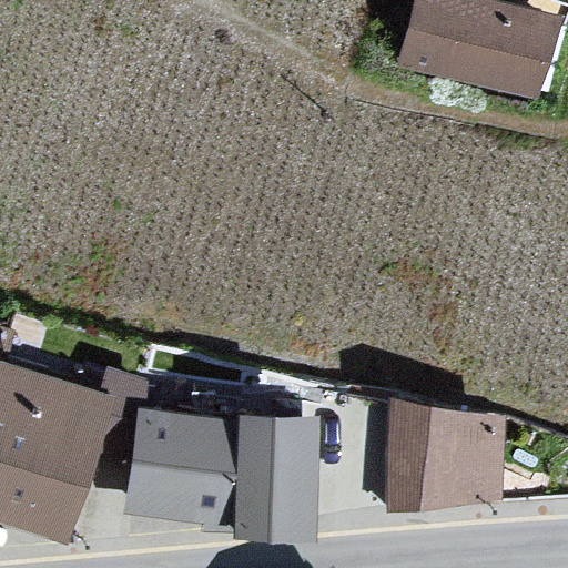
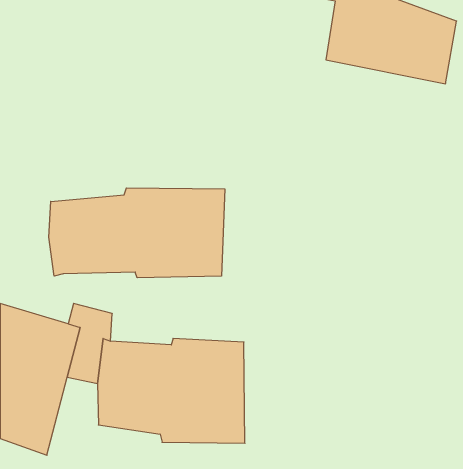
building: none -> [49,188,225,278]
building: [397,387,488,496] -> none

